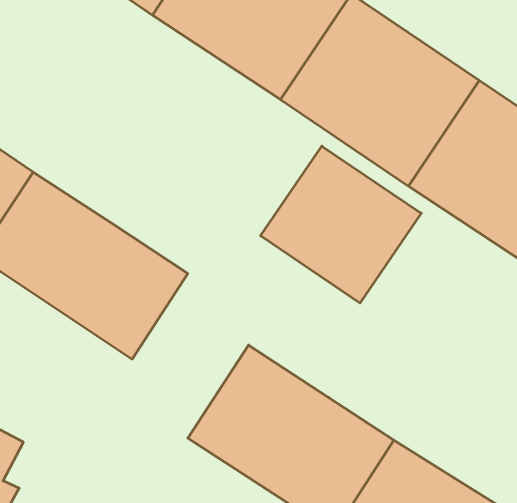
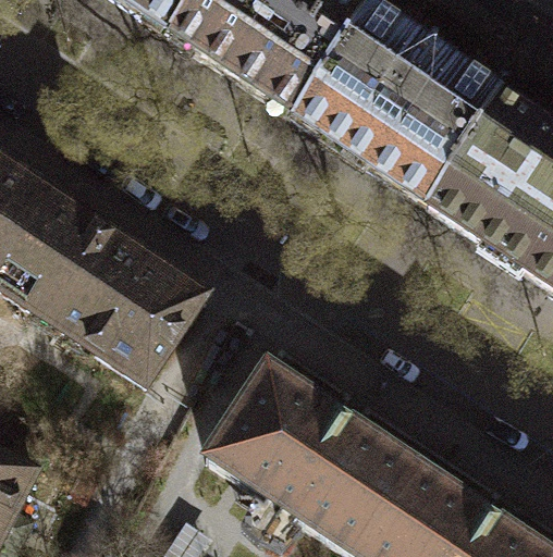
building: [261,146,421,303] -> none

